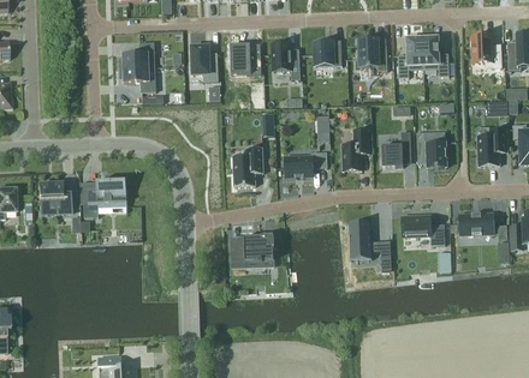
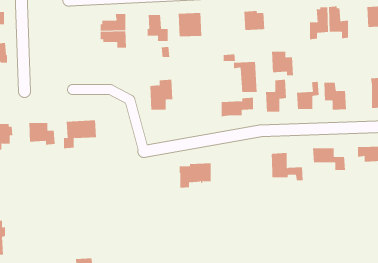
building: [358,40,387,71] -> [271,51,294,76]
building: [272,42,299,79] -> none
building: [233,146,263,186] -> [150,79,173,110]

